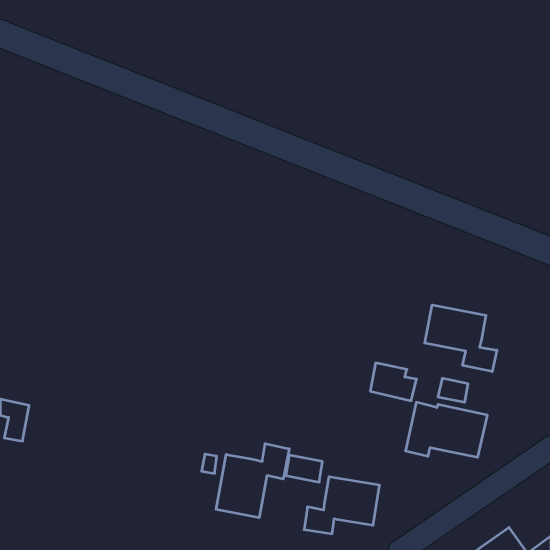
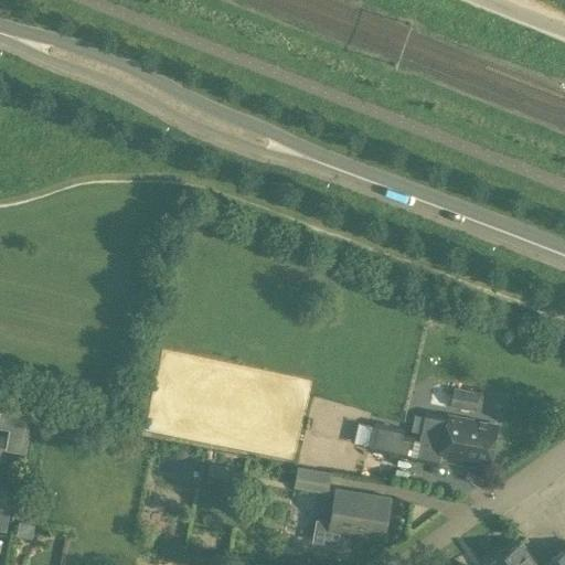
building: [425,305,497,372] -> none
building: [370,363,417,401] -> [369,423,416,461]
building: [216,444,289,518] -> none

